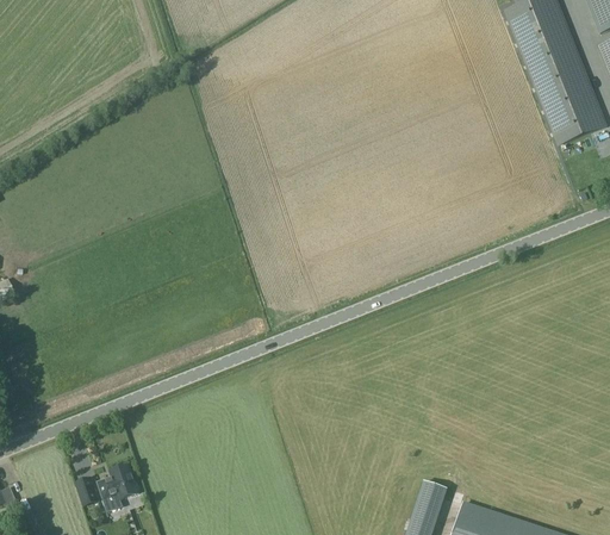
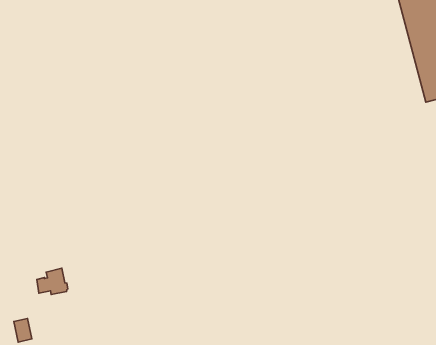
building: [100,466,141,500] -> [37,268,68,295]

